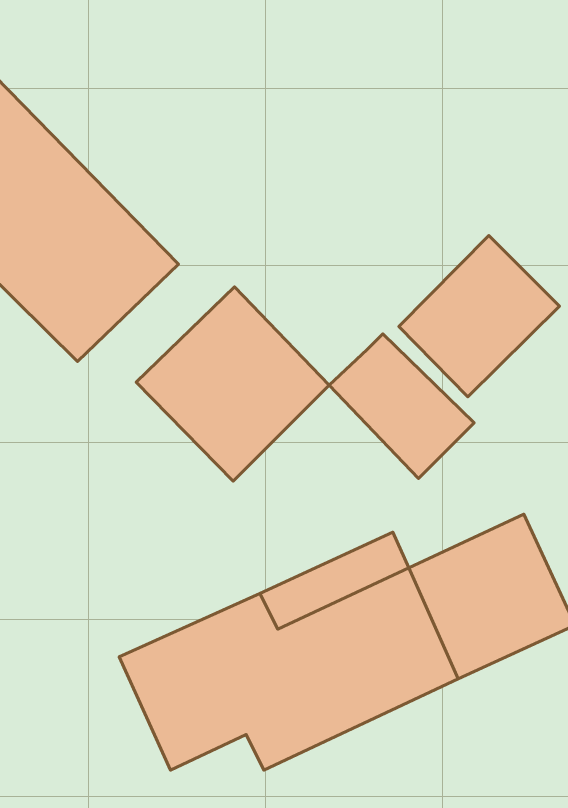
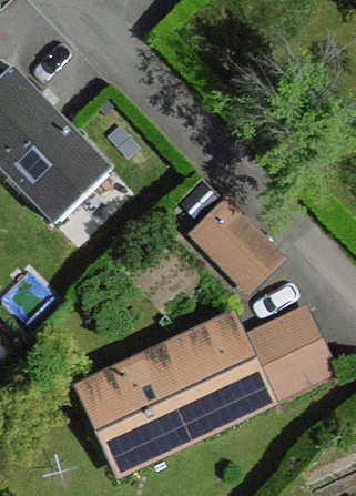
building: [399,235,559,397] -> none
building: [136,287,329,481] -> none

